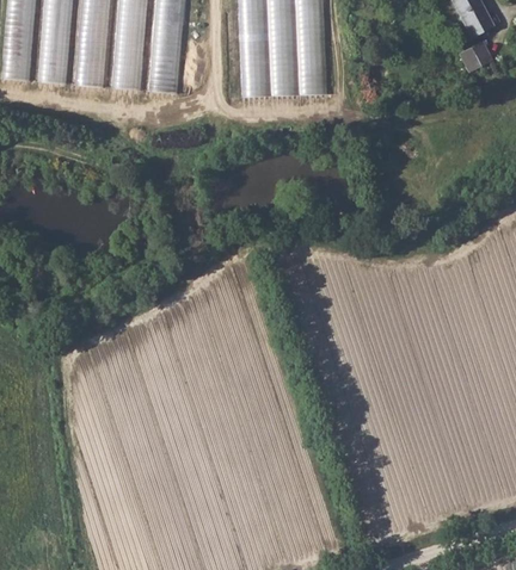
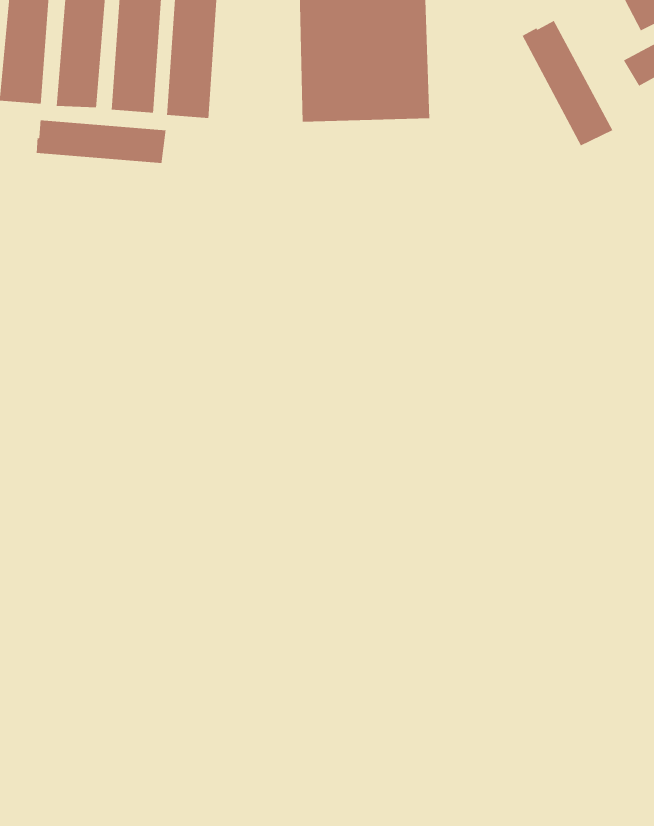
building: none -> [521,20,613,146]
building: none -> [36,120,167,164]

